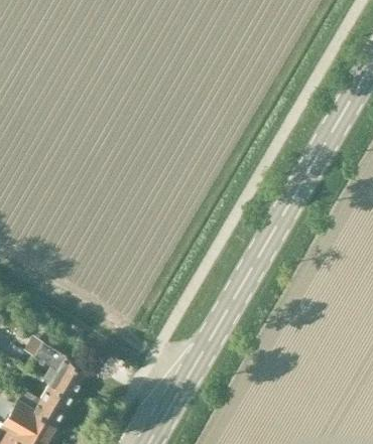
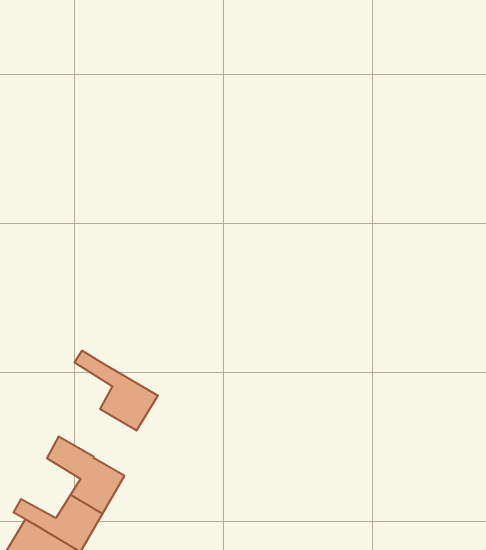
building: none -> [75,351,158,431]

